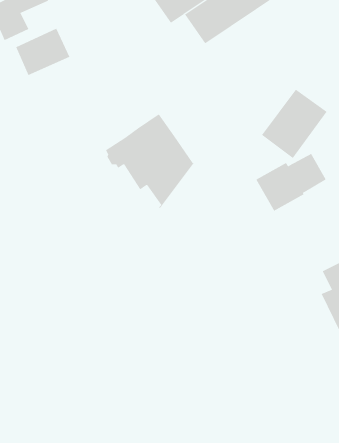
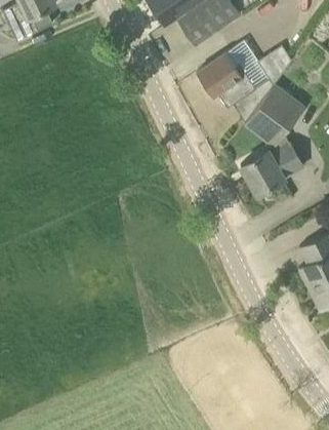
building: [15,28,70,76] -> none
building: [105,113,195,208] -> [196,40,276,125]

